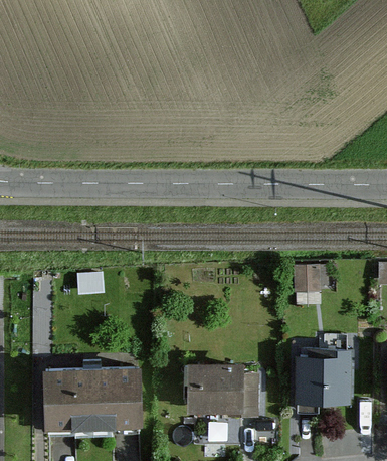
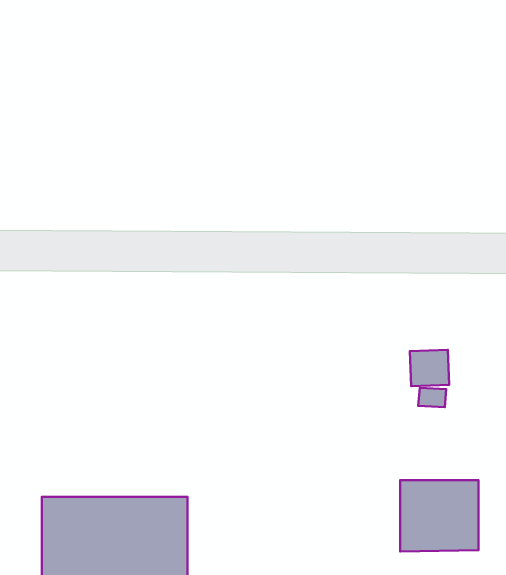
building: [186,363,260,416] -> none

